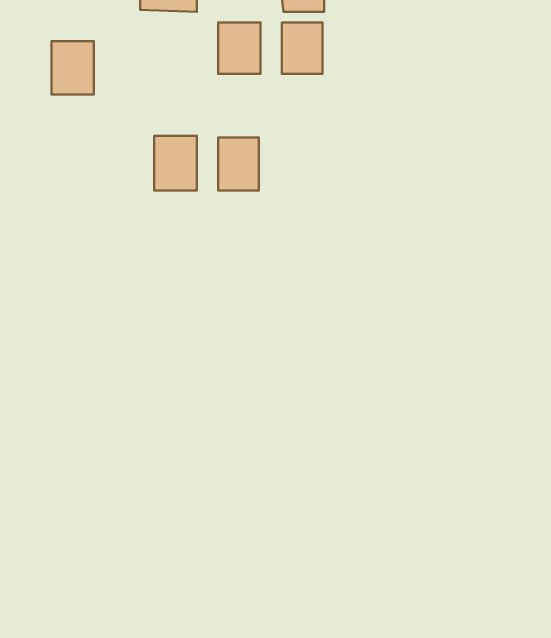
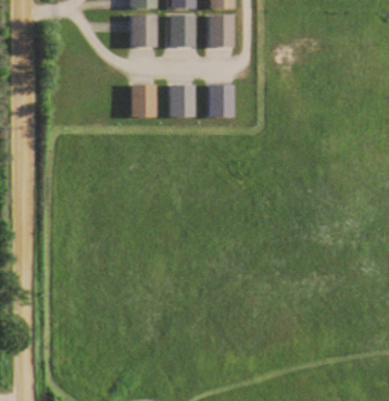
building: [51,41,94,94] -> [130,15,156,48]
building: none -> [208,86,234,118]

